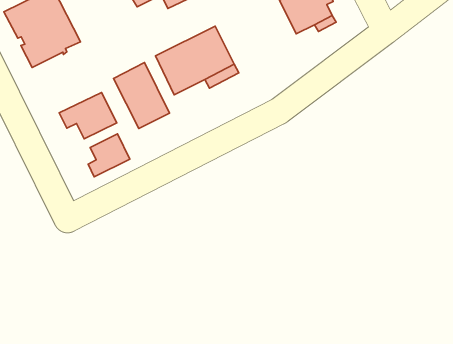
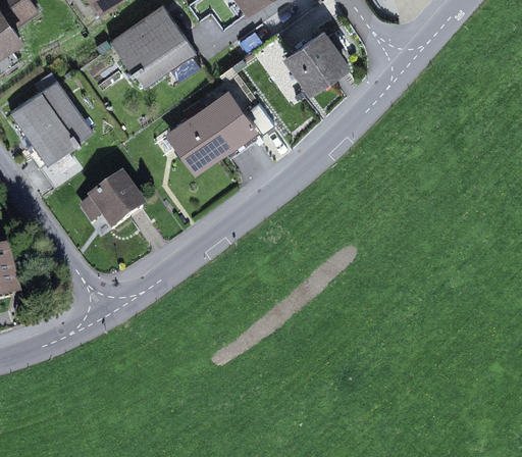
building: [114,62,169,128] -> none
building: [88,134,130,177] -> none

